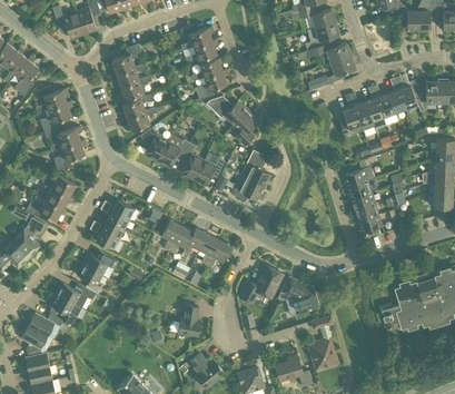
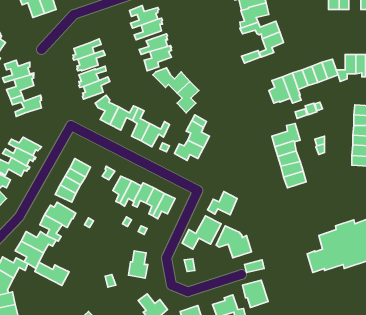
building: [110,43,142,75] -> none
building: [53,140,83,170] -> none
building: none -> [207,191,237,215]
building: none -> [35,262,69,285]

